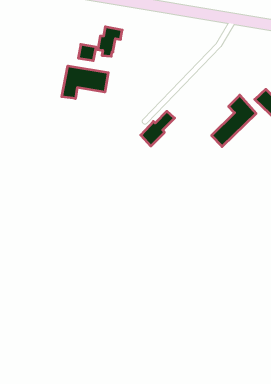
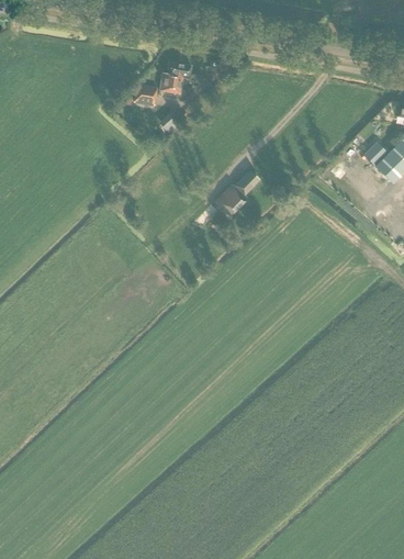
building: [62,66,108,99] -> none
building: [212,95,256,147] -> none

